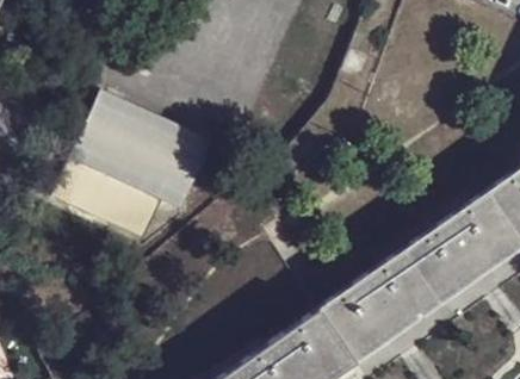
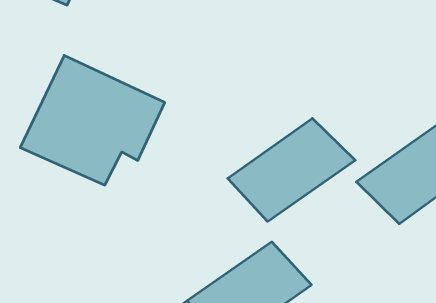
building: [335,230,477,344] -> [228,118,355,221]

